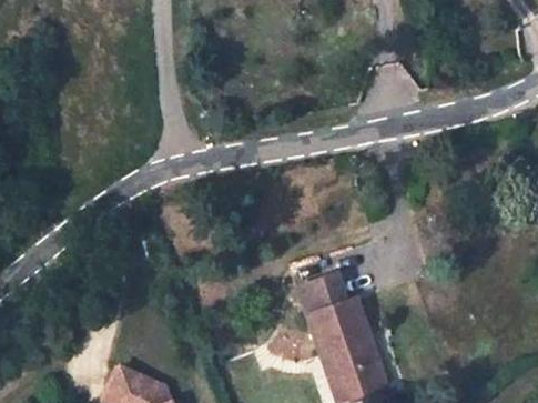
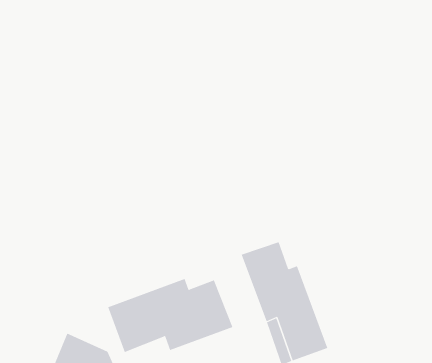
building: none -> [107,278,233,353]

